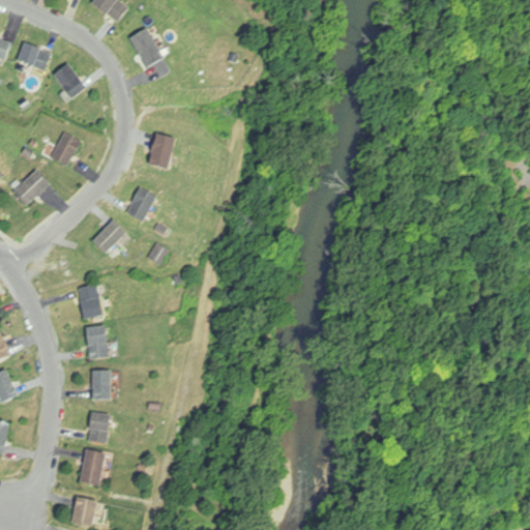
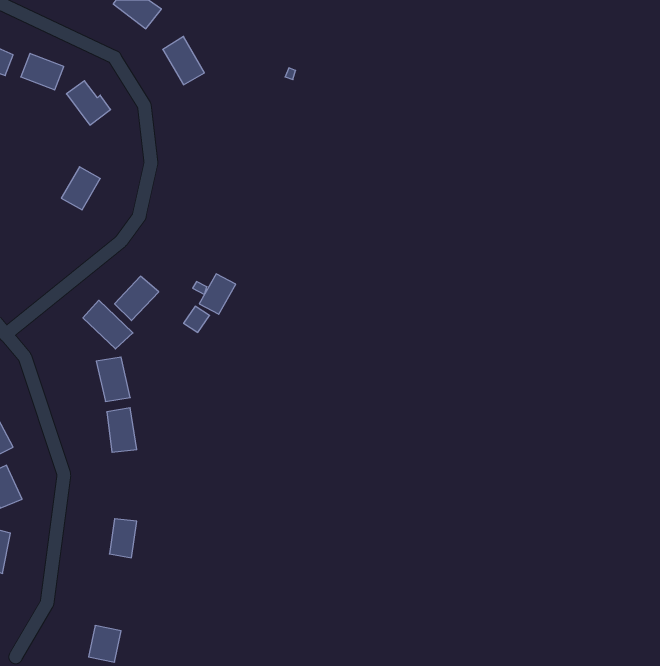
building: [148,135,174,170] -> none
building: [9,170,49,210] -> none
building: [125,188,154,220] -> [199,274,236,314]
building: none -> [83,300,133,349]
building: [92,370,111,400] -> none
building: [80,449,105,485] -> none

